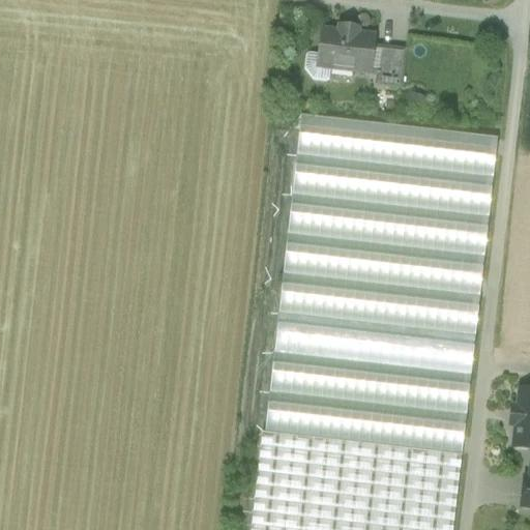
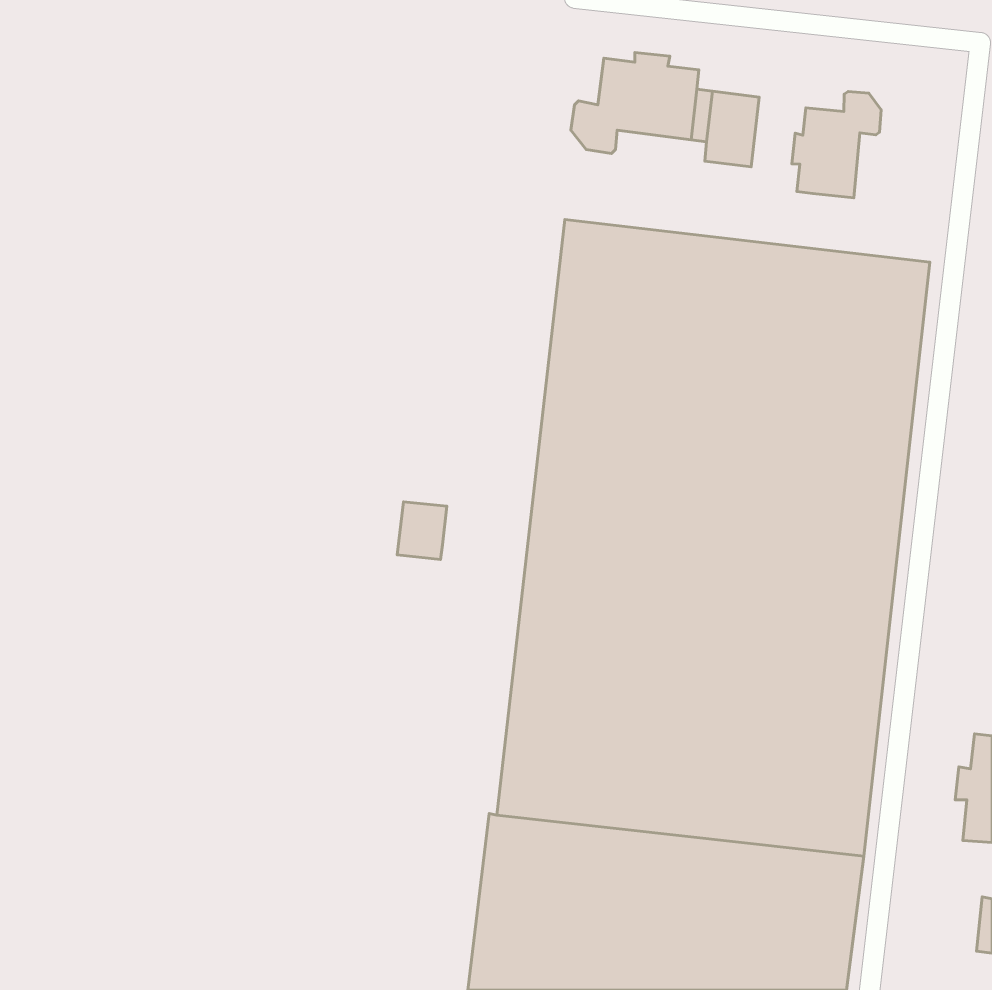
building: none -> [792,92,881,198]
building: none -> [397,502,447,560]

